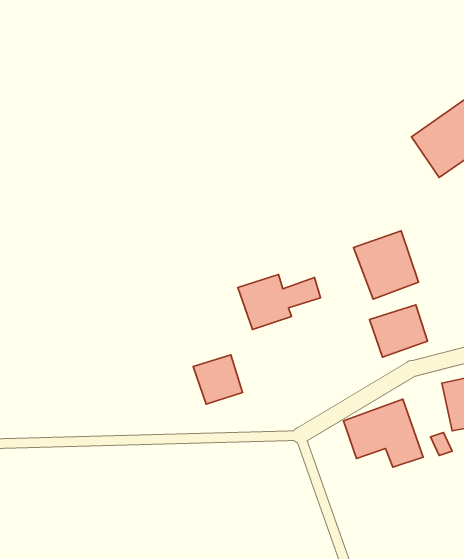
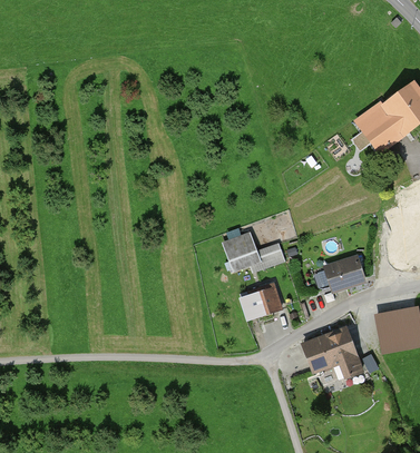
building: [353,231,418,299] -> none
building: [193,355,242,404] -> [245,280,283,318]

